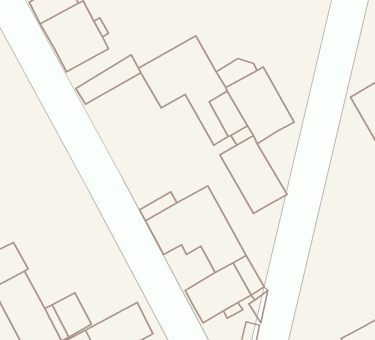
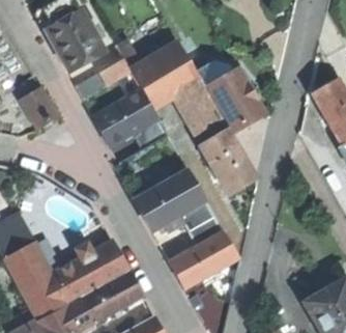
building: none -> [18,86,58,131]
building: none -> [93,90,156,144]
building: none -> [74,242,126,289]

